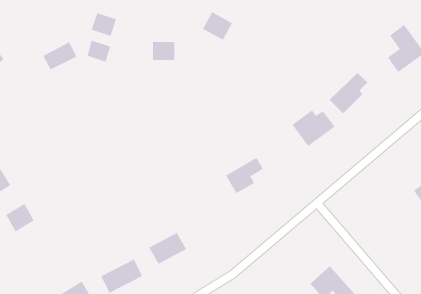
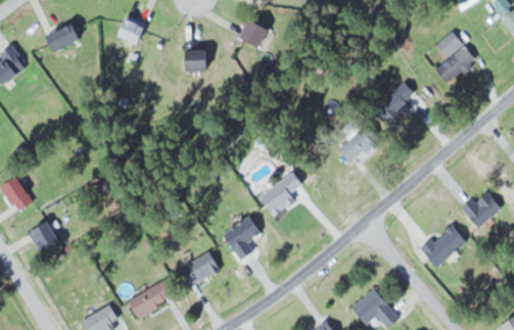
building: [87,40,111,63] -> none
building: [43,42,77,70] -> [44,21,81,52]
building: none -> [223,217,261,262]
building: none -> [420,226,466,268]

